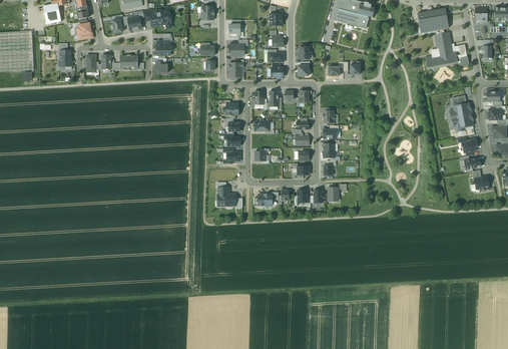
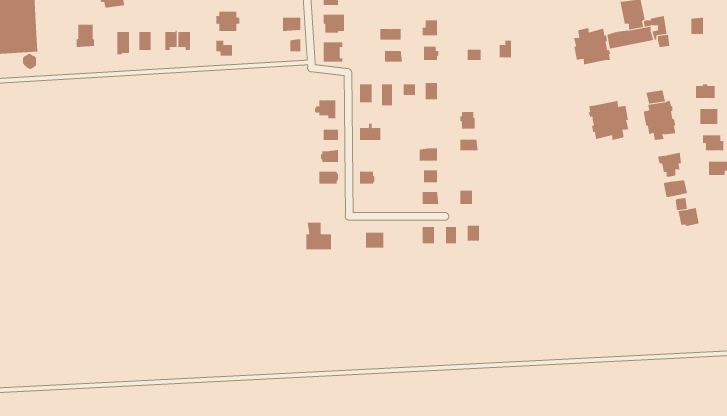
building: none -> [574,27,611,65]
building: none -> [588,100,629,141]

